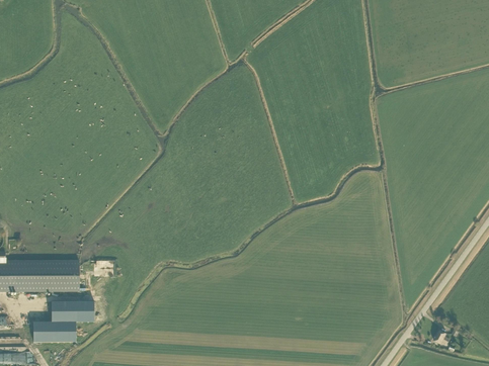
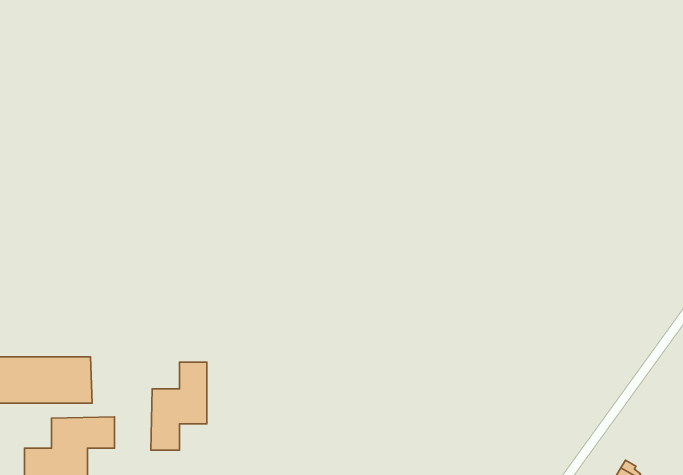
building: none -> [151,362,207,450]

